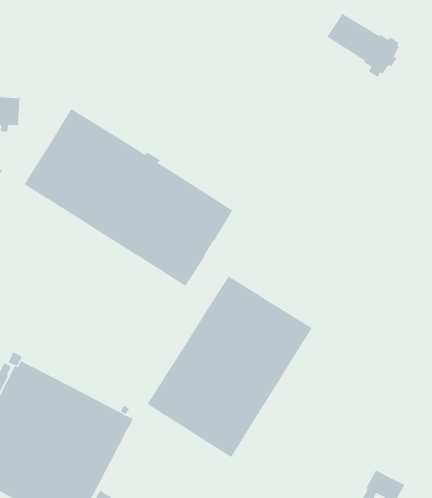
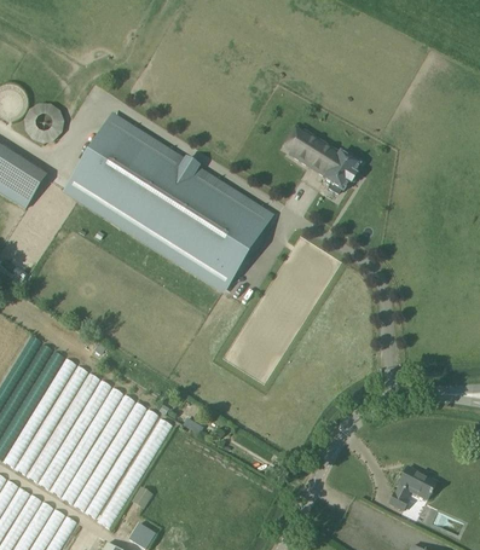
building: [327,13,400,78] -> [288,131,359,193]
building: [147,276,313,458] -> none

